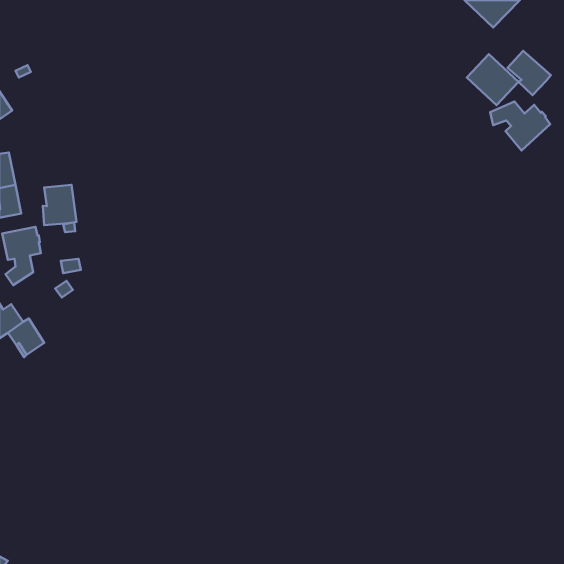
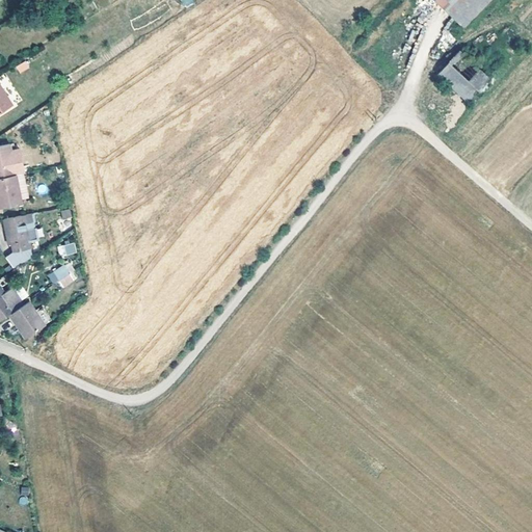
building: [508,51,551,95] -> none
building: [490,102,550,150] -> none
building: [43,185,76,225] -> none

